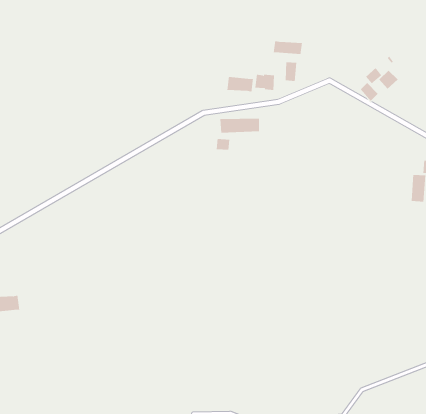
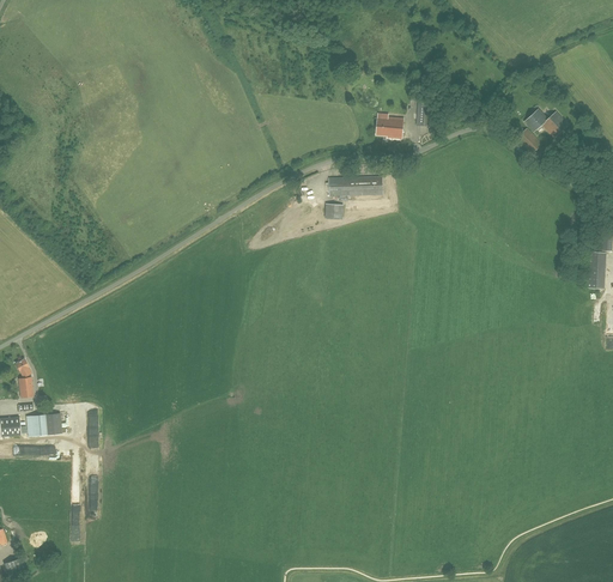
building: [273,40,302,55] -> none
building: [227,76,254,93] -> none

